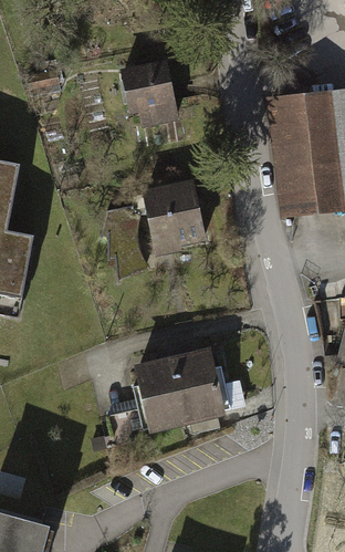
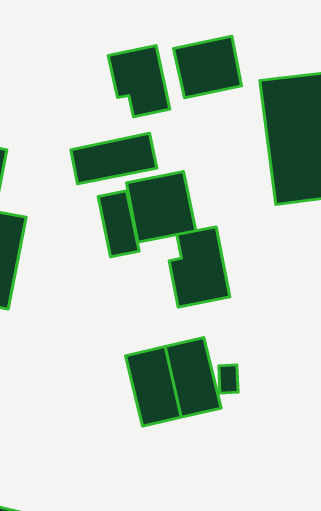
building: none -> [174,36,241,98]
building: none -> [71,133,157,184]
building: none -> [169,227,230,307]

